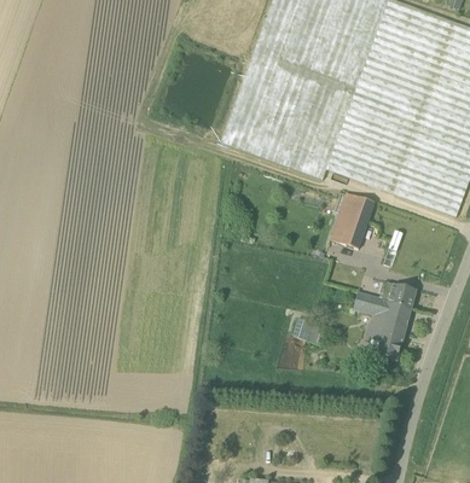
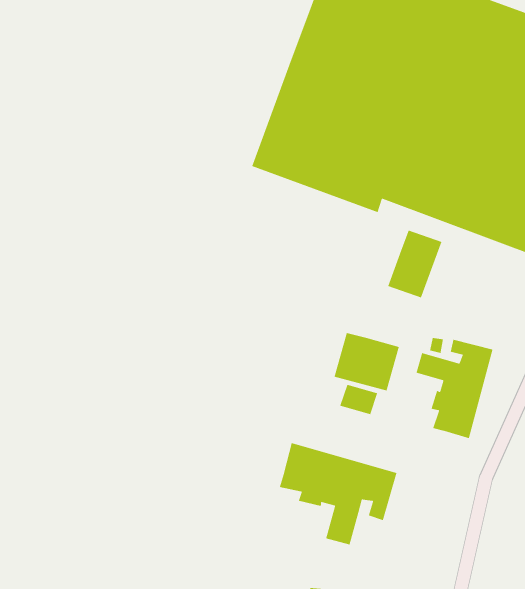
building: none -> [333,332,400,392]
building: none -> [279,442,398,545]

